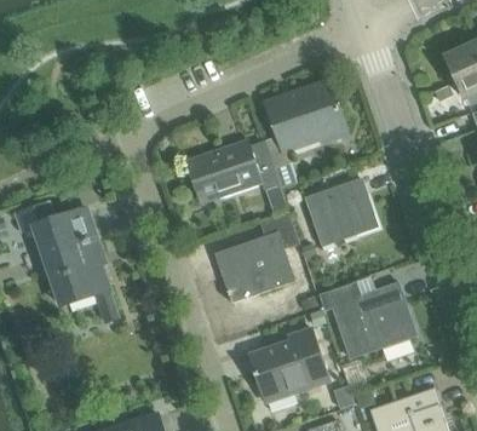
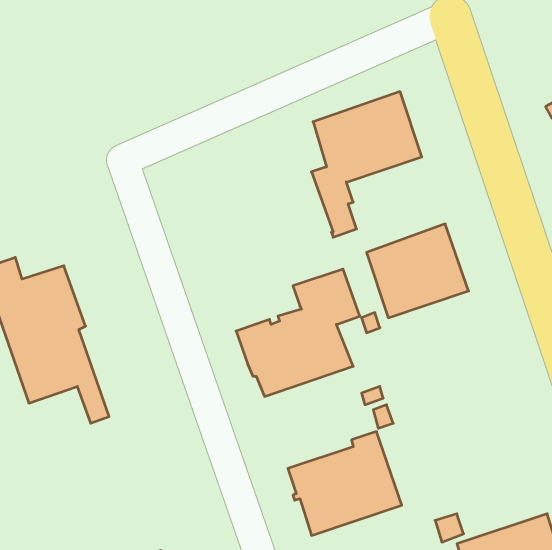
building: [185,138,281,205] -> none
building: [317,281,415,357] -> none

